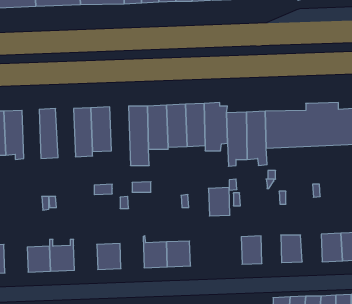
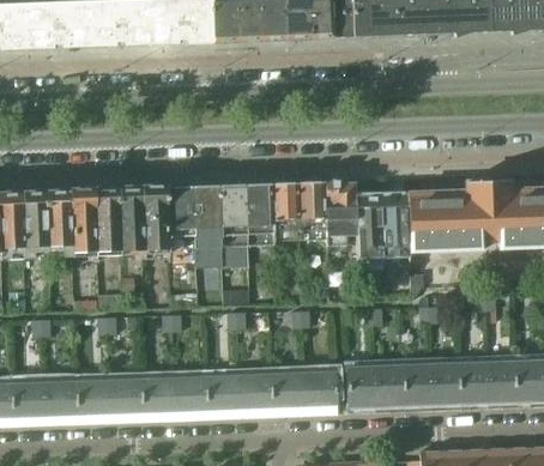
building: none -> [192,184,220,268]
building: none -> [116,188,144,256]
building: none -> [69,189,96,258]
building: [208,188,230,216] -> [346,367,376,406]
building: none -> [458,363,488,401]
building: none -> [403,364,431,404]
building: none -> [206,367,240,411]
building: none -> [303,371,337,407]
building: none -> [44,376,78,417]
building: none -> [141,377,175,413]

